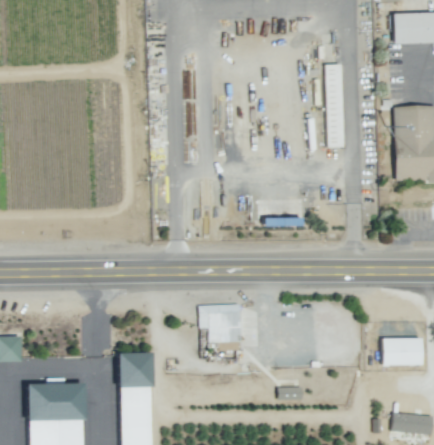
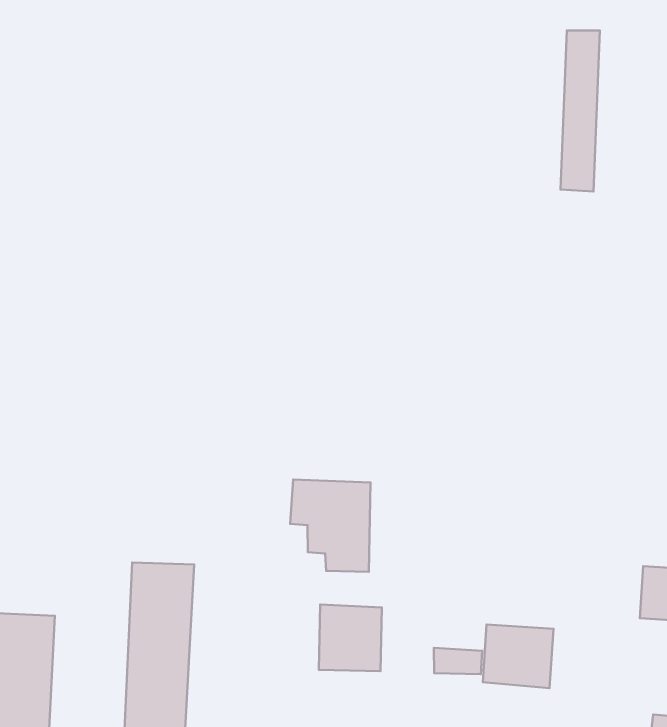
building: none -> [319,604,382,671]
building: none -> [483,625,553,688]

